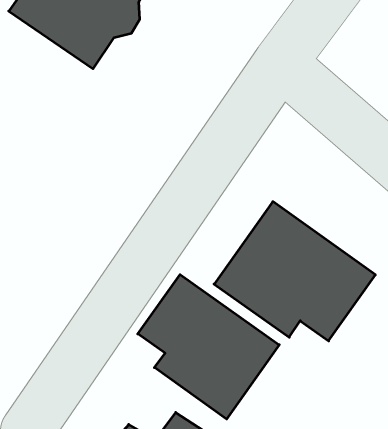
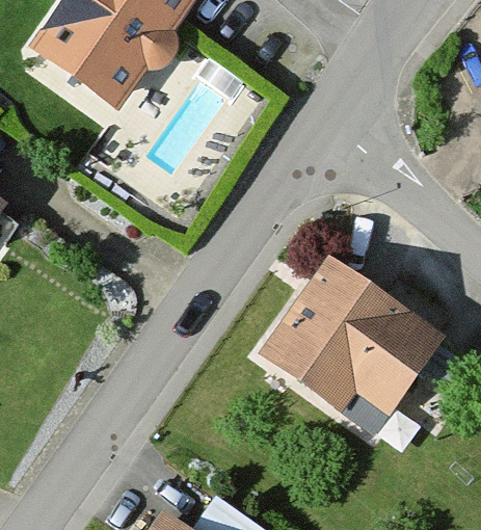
building: [138,275,279,419] -> none

